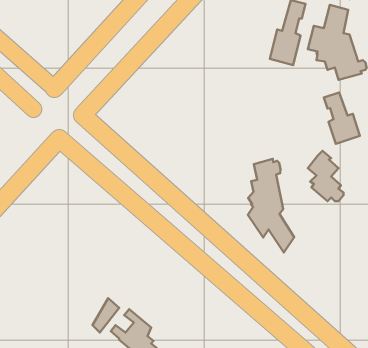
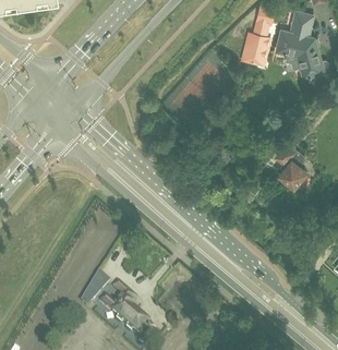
building: [324,92,360,144] -> none
building: [248,159,294,252] -> none

